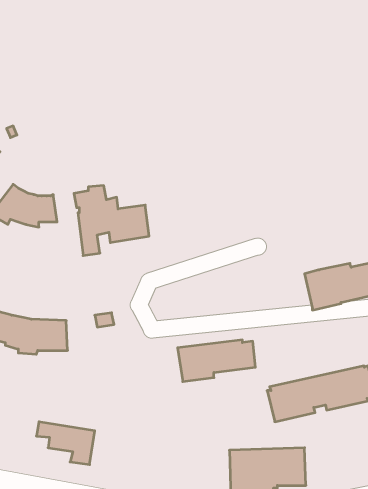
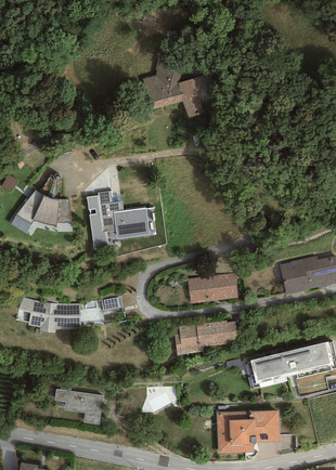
building: none -> [142,52,216,117]
building: none -> [186,272,237,302]

